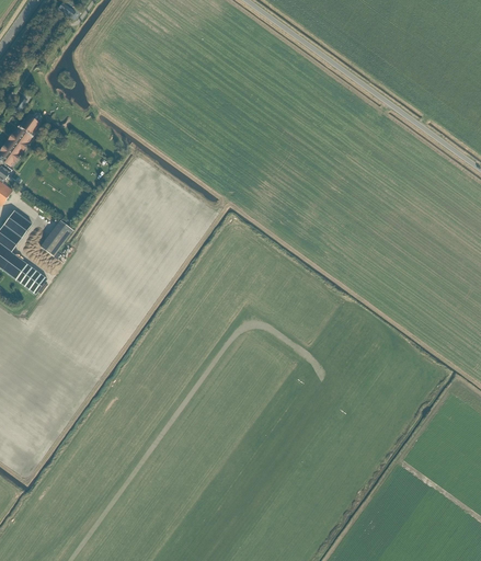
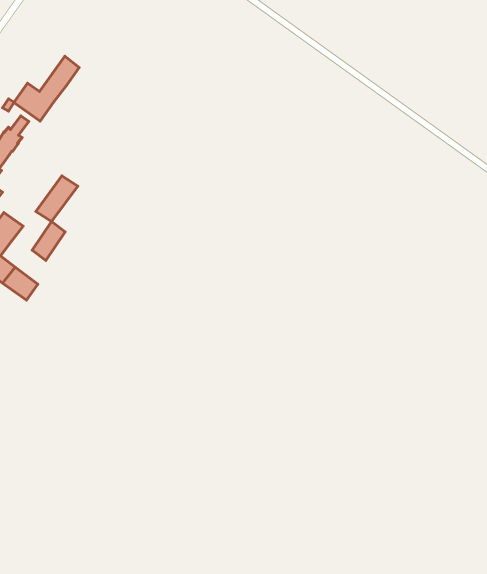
building: none -> [14,56,79,121]
building: none -> [36,176,78,222]

